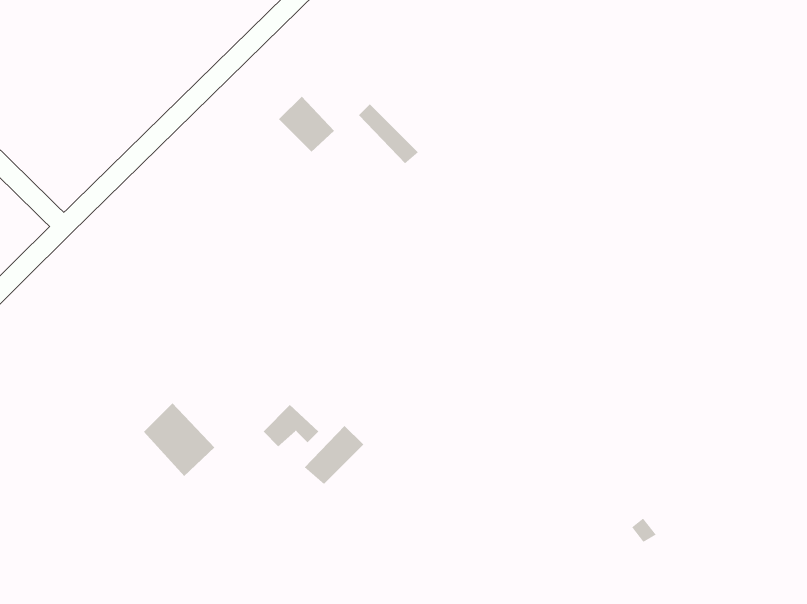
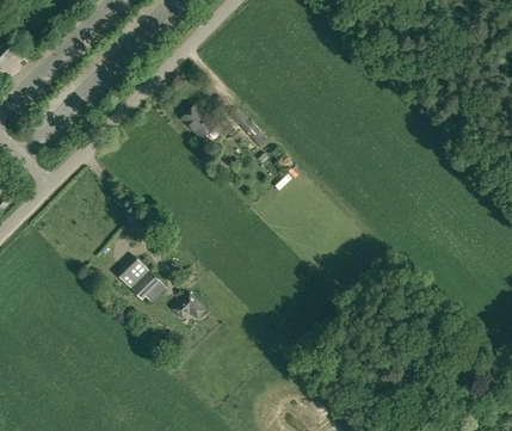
building: [143,403,215,477] -> [118,255,162,301]
building: [304,425,364,485] -> none

